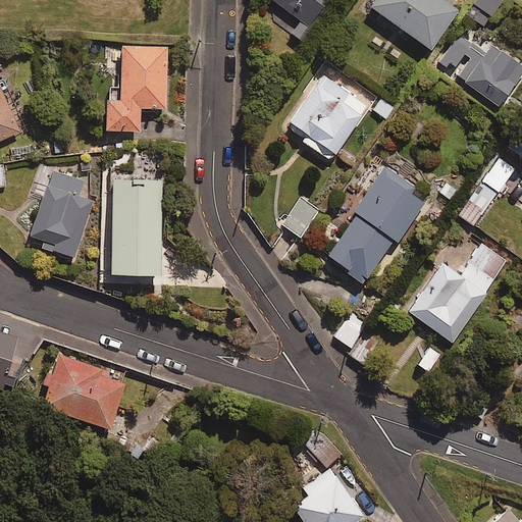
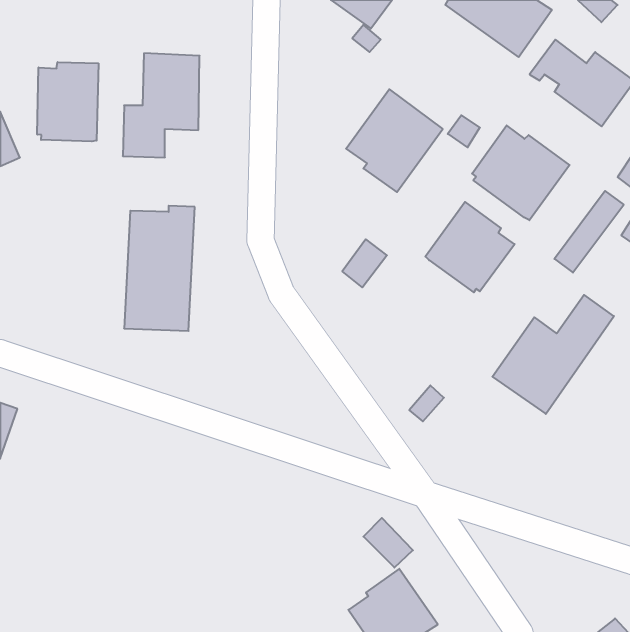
building: none -> [37,62,98,141]
building: none -> [472,125,570,220]
building: [29,168,93,257] -> none
building: [327,215,393,280] -> none
building: [41,353,124,427] -> none

